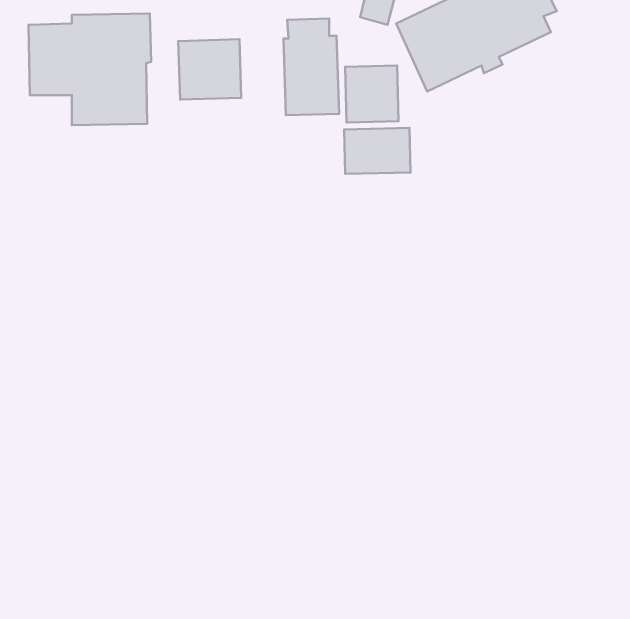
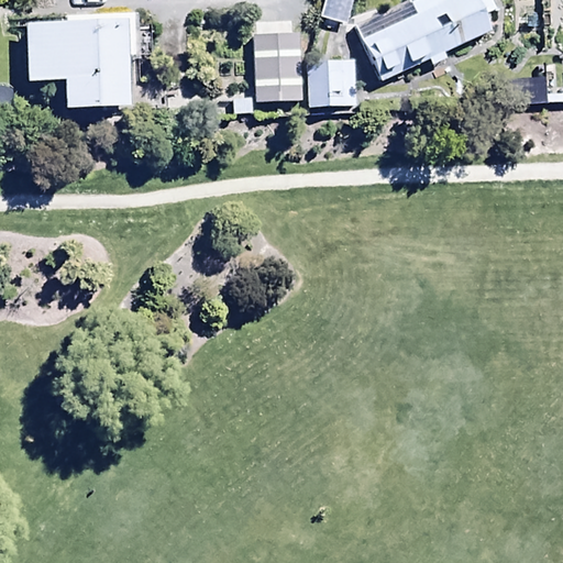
building: [178,39,241,100] -> none
building: [344,128,411,174] -> none

